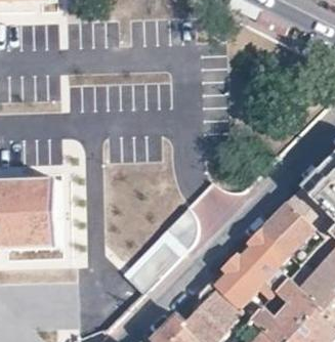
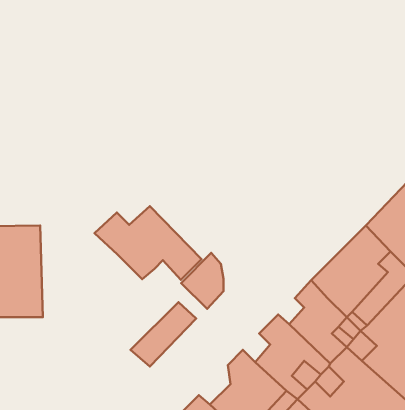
building: none -> [95,206,201,280]

